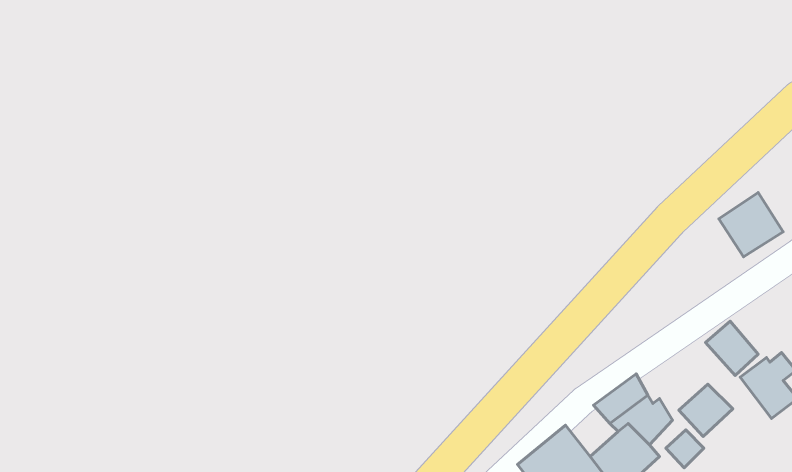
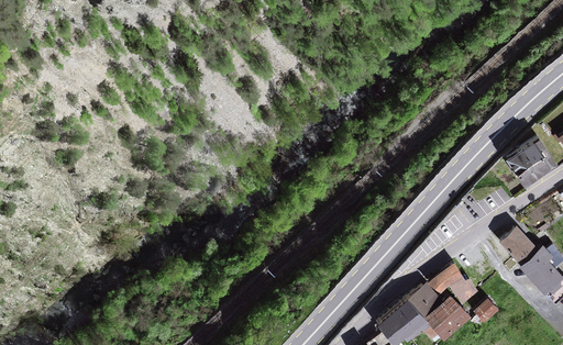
building: [679,384,733,437] -> none
building: none -> [406,282,441,316]

